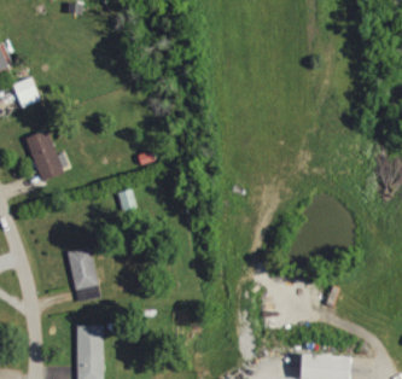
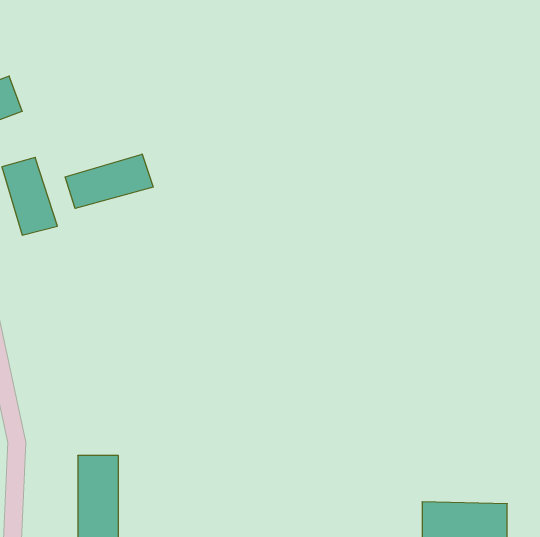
building: none -> [65,154,153,208]
building: [68,247,95,288] -> none

